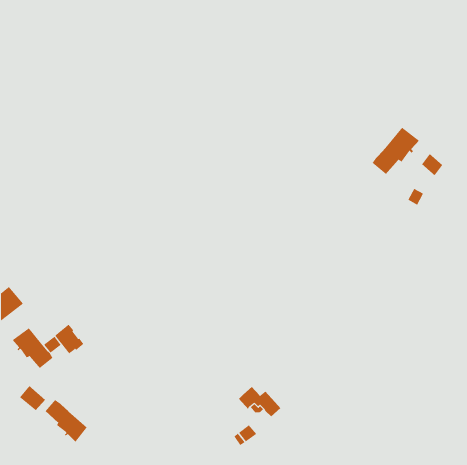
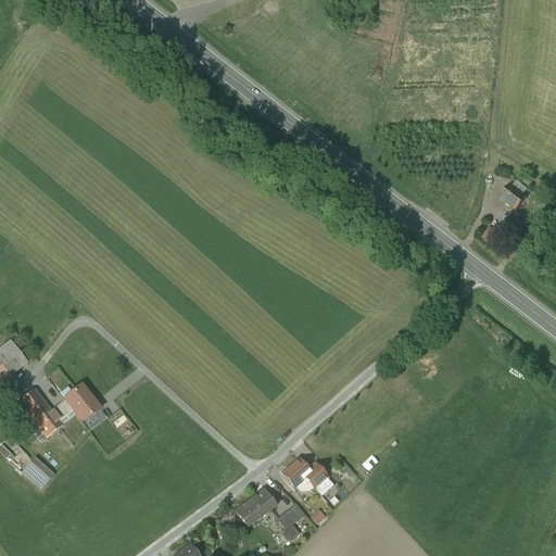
building: [372,127,420,175] -> none
building: [45,399,88,442] -> none
building: none -> [236,488,277,526]

